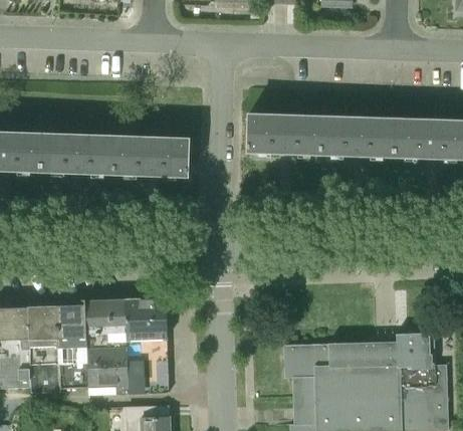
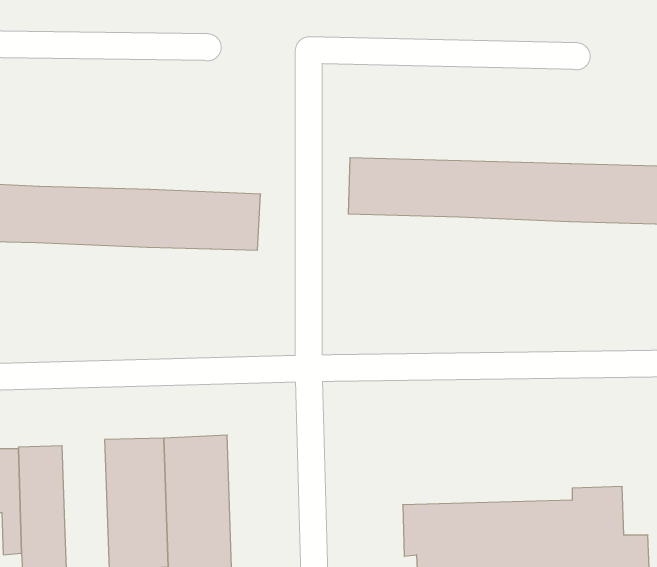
building: [57,299,87,364] -> none

